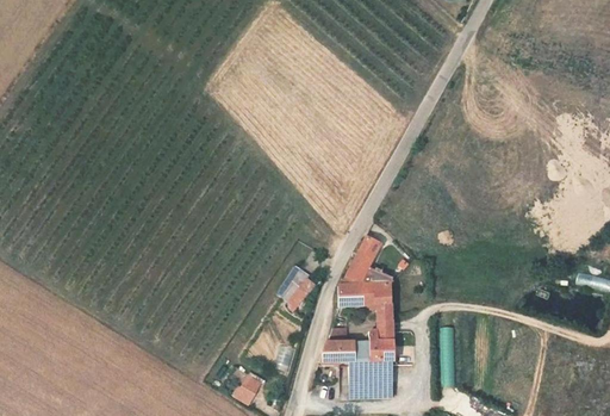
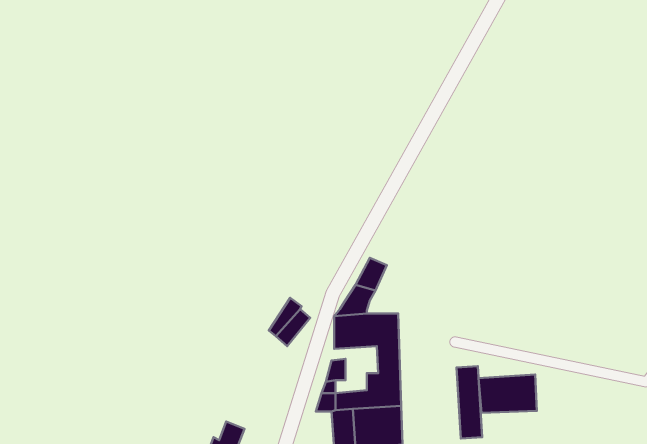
building: none -> [478,375,537,413]

